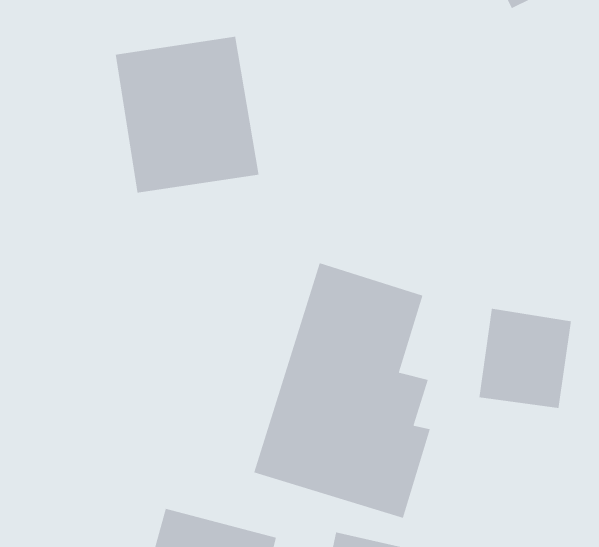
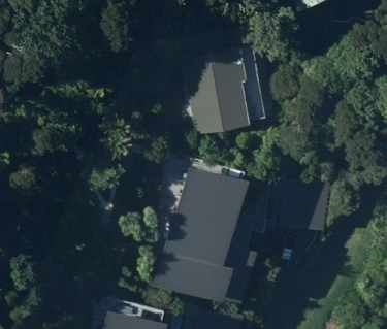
building: [115,36,260,193] -> [183,44,264,133]

